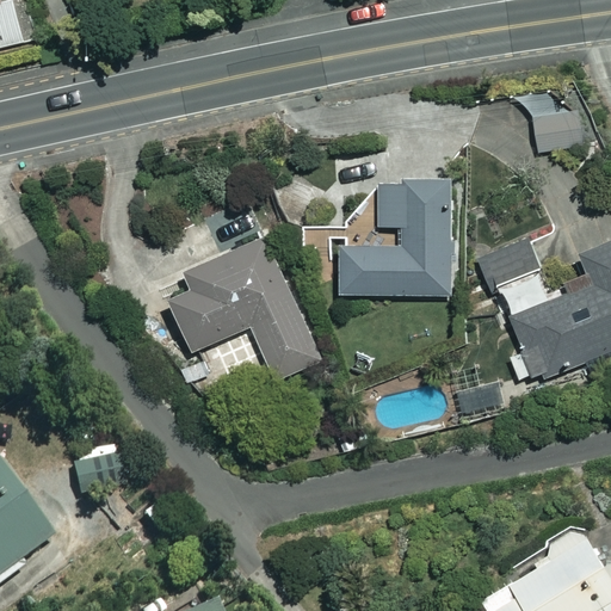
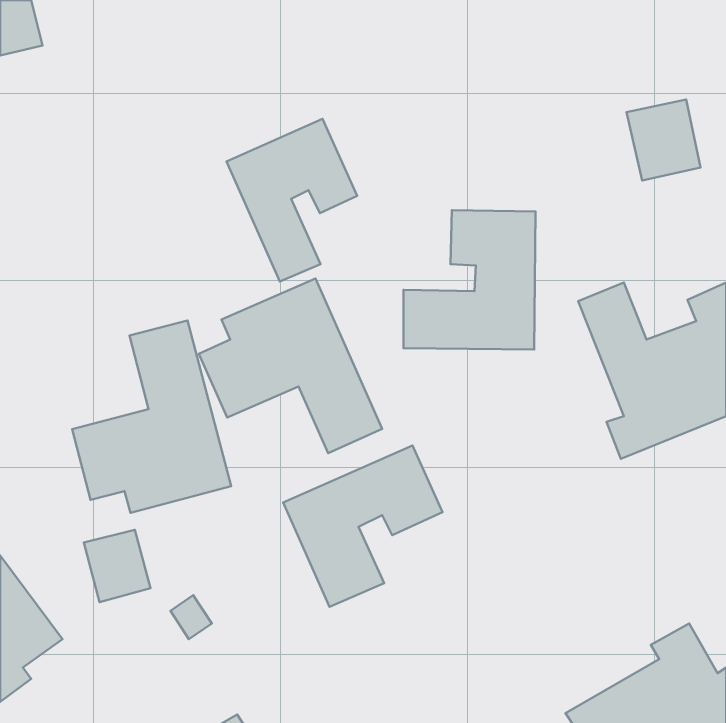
building: none -> [227,119,357,281]
building: none -> [72,320,231,513]
building: none -> [283,445,443,607]

